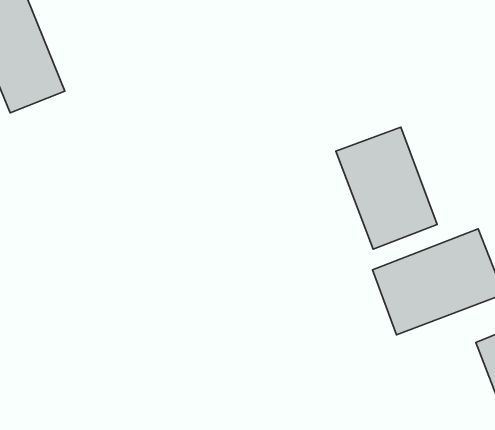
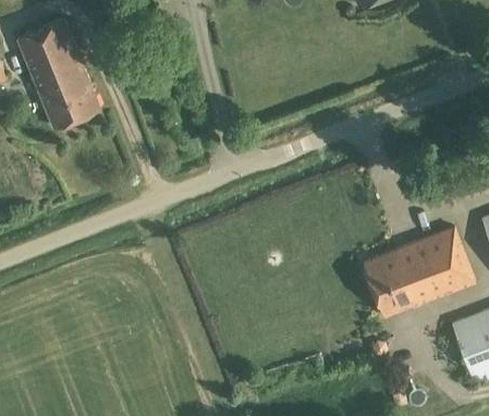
building: [336,127,437,249] -> none

